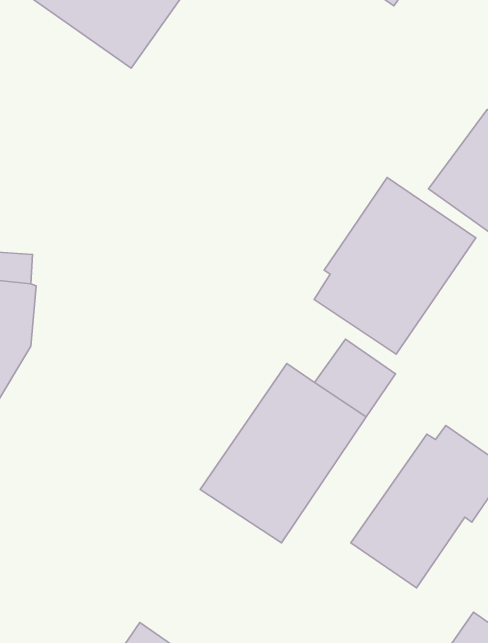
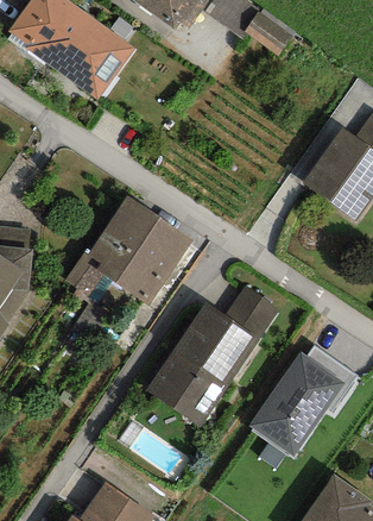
building: [314,177,476,354] -> none
building: none -> [64,195,191,306]

